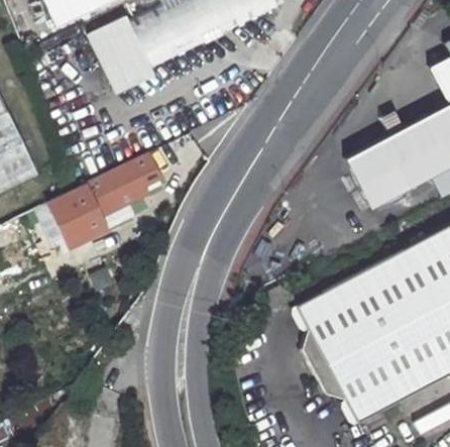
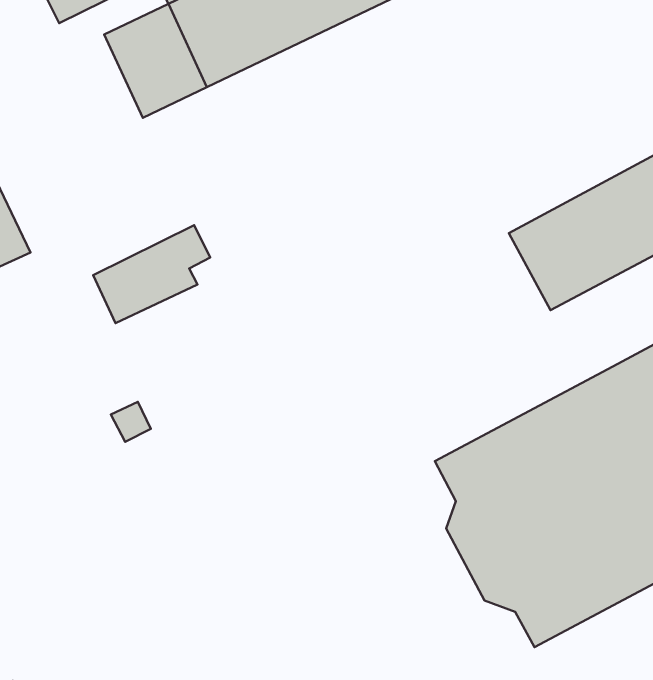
building: [42,190,98,247] -> none

